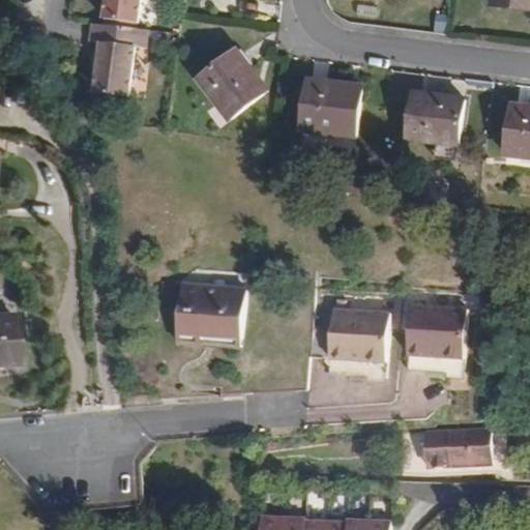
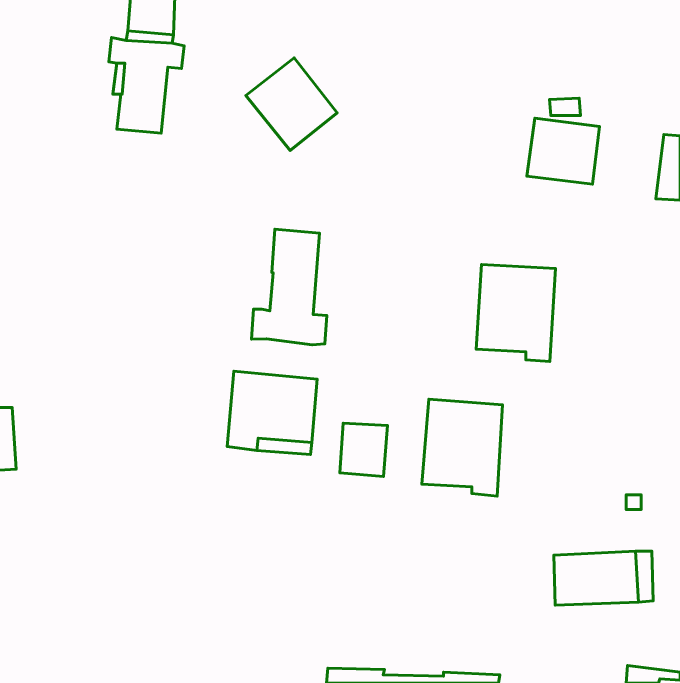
building: [300,77,360,132] -> none
building: none -> [251,229,327,345]
building: [404,304,465,379] -> [476,265,555,361]
building: none -> [340,423,387,476]

